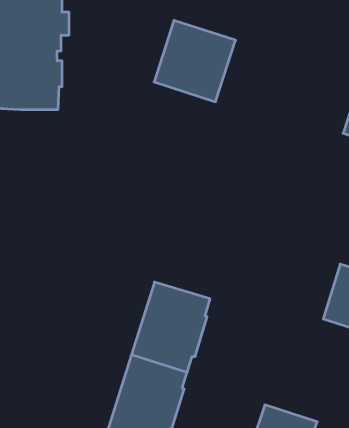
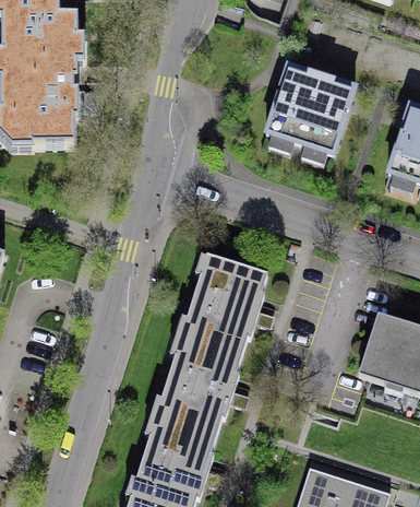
building: [154,20,236,102] -> [265,63,355,153]
building: none -> [180,254,266,353]

